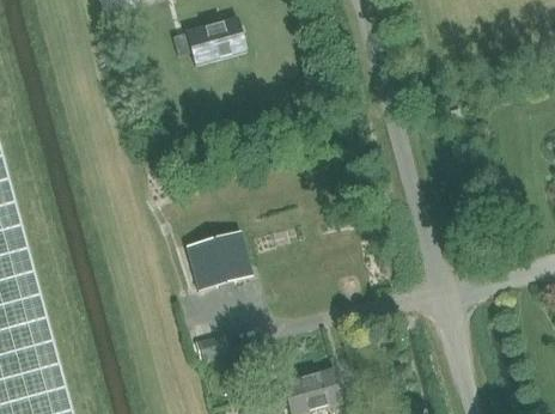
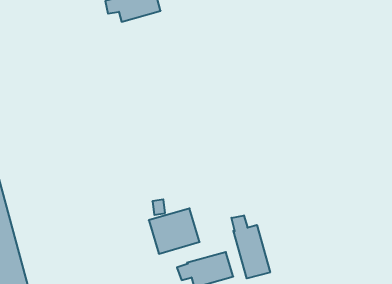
building: [185,230,252,290] -> [149,208,200,254]
building: none -> [231,215,270,278]

